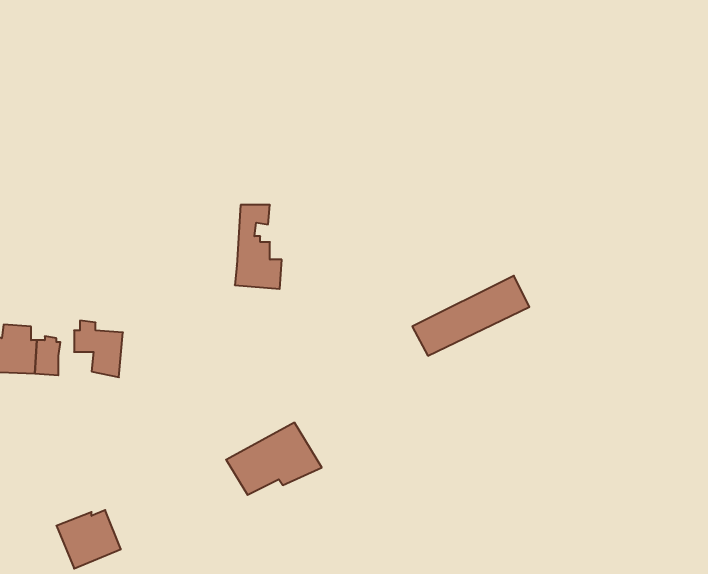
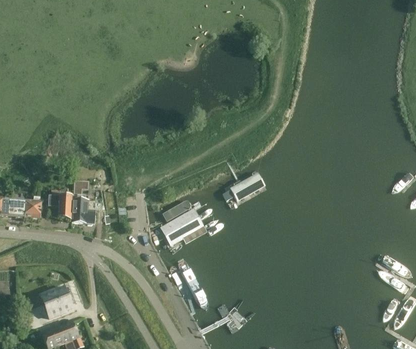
building: [235,205,282,289] -> [71,180,95,223]
building: [226,423,322,495] -> [159,207,208,244]

